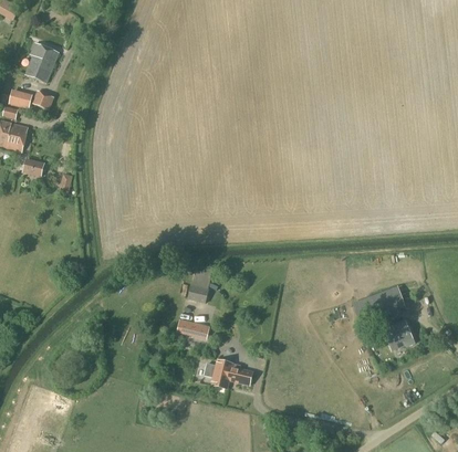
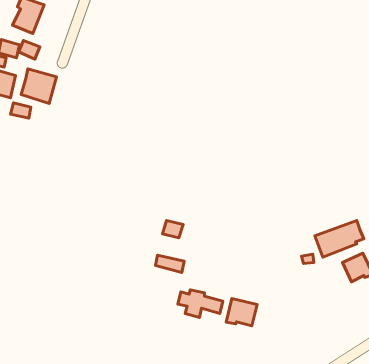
building: none -> [21,69,56,104]
building: none -> [226,299,257,326]

